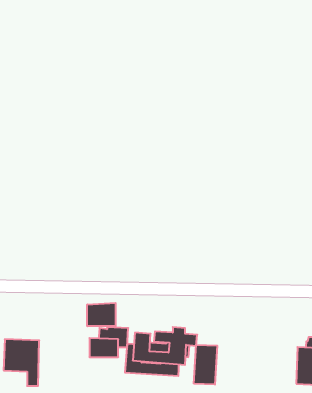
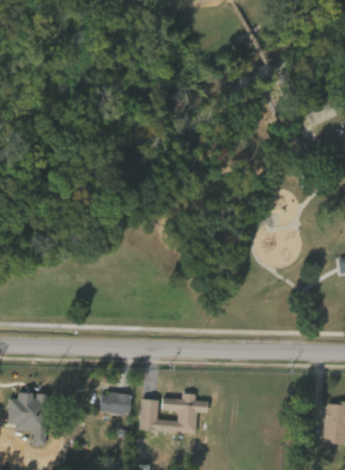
building: [87,303,116,326] -> none
building: [194,345,217,385] -> none

